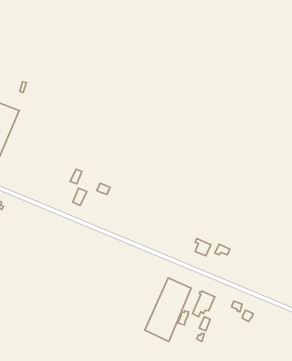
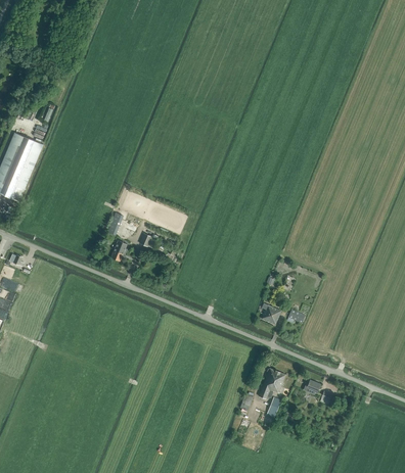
building: [145,278,191,342] -> none

